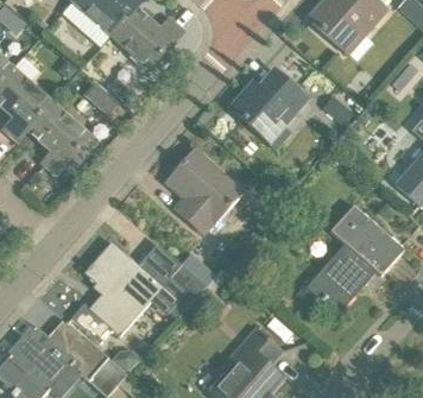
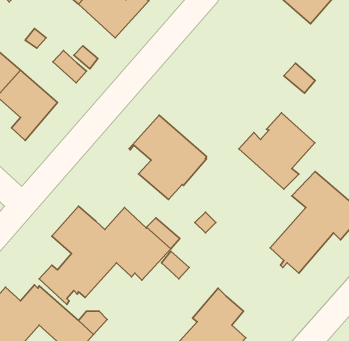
building: [229,70,308,149] -> [239,113,315,189]

